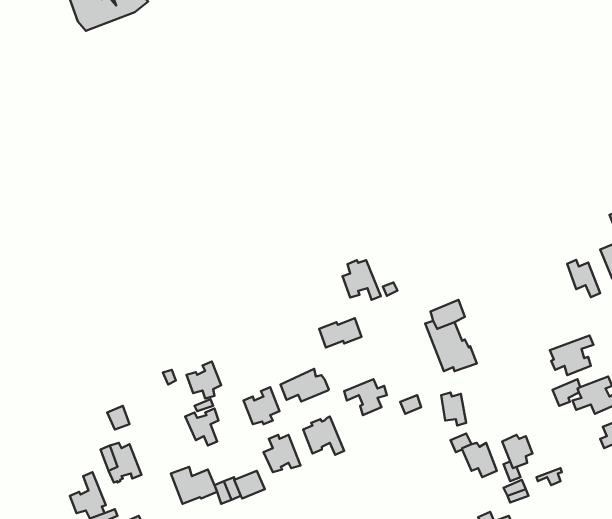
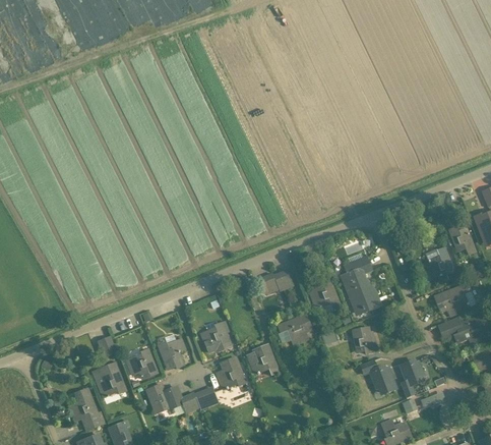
building: [342,260,381,300] -> [311,279,341,310]
building: none -> [426,246,453,280]
building: [187,361,221,399] -> [127,349,154,378]
building: [281,369,329,402] -> none

